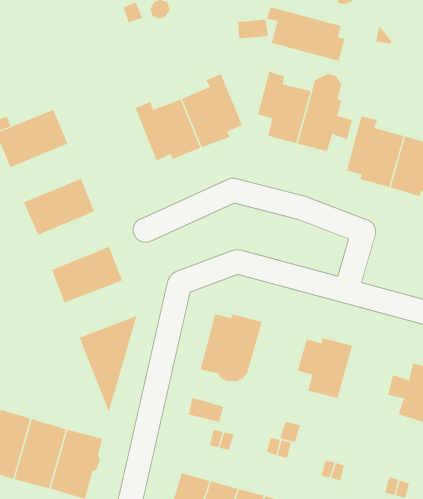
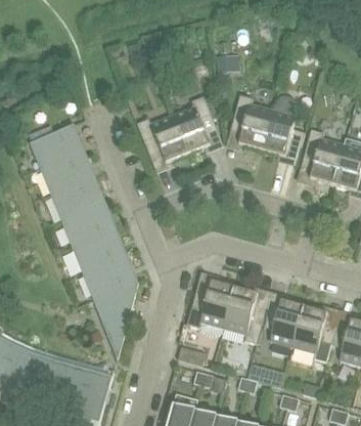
building: [266,6,345,61] -> none
building: none -> [41,150,96,195]
building: none -> [62,202,118,247]
building: none -> [83,255,139,299]
building: none -> [224,287,269,342]
building: none -> [294,305,339,361]

